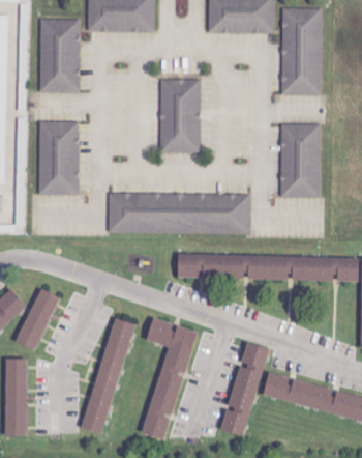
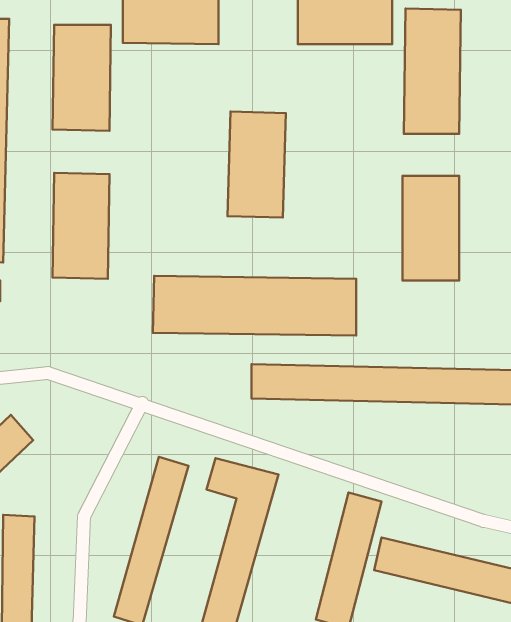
building: [16,288,58,350] -> none

